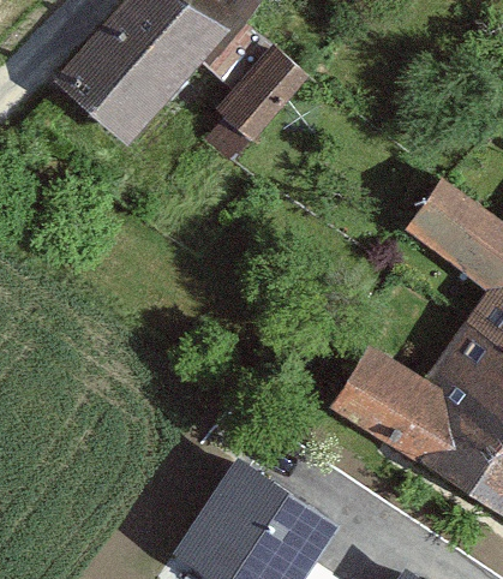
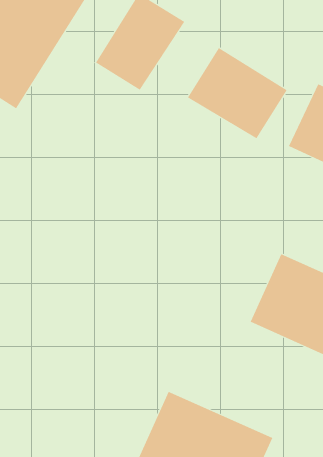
building: none -> [187,47,288,139]

